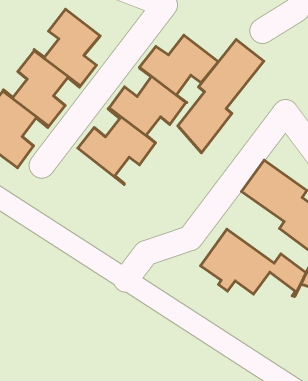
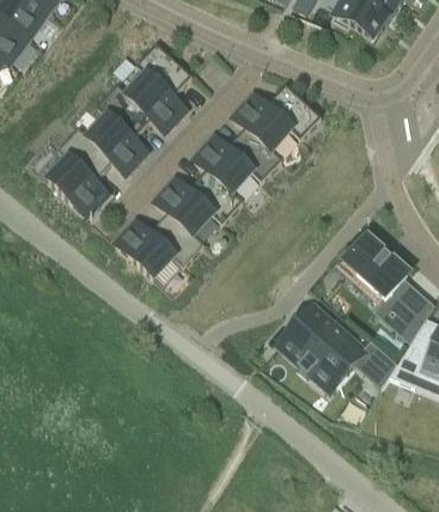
building: [178,40,264,153] -> none
building: none -> [116,199,203,276]

